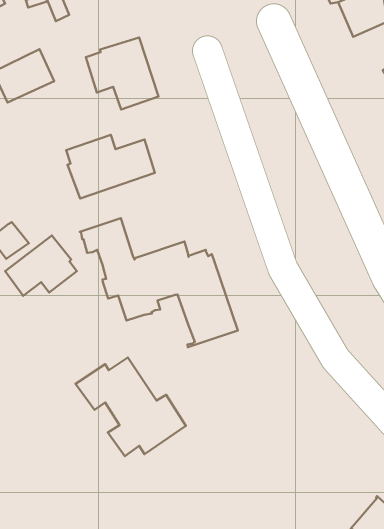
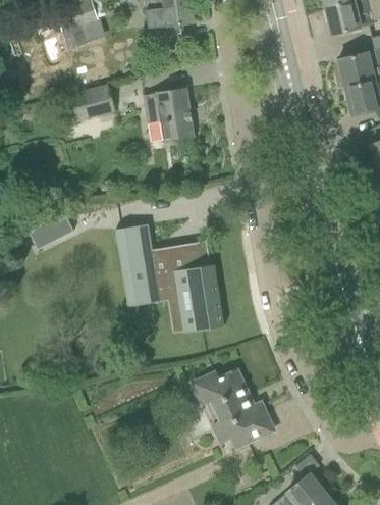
building: [66,135,155,199] -> none
building: [5,235,77,296] -> none
building: [76,358,186,456] -> [189,369,269,446]

